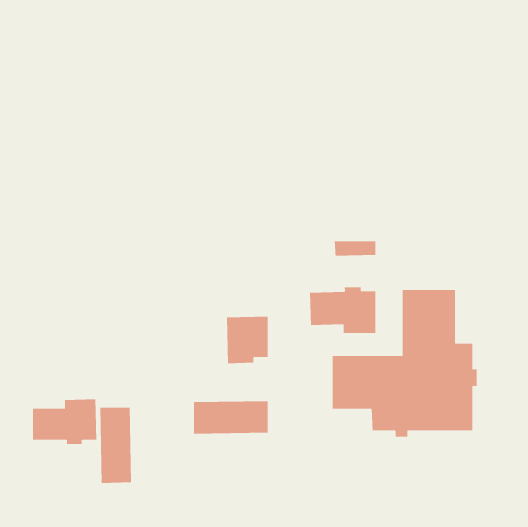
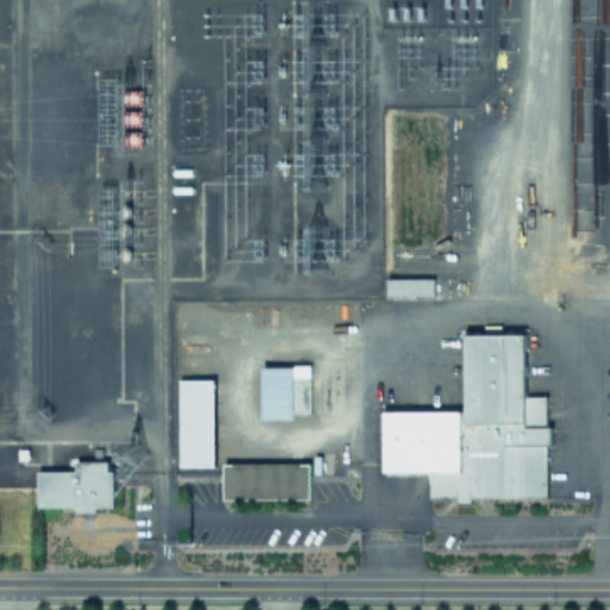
building: [310,286,376,334] -> none
building: [100,407,132,484] -> [178,380,214,468]

